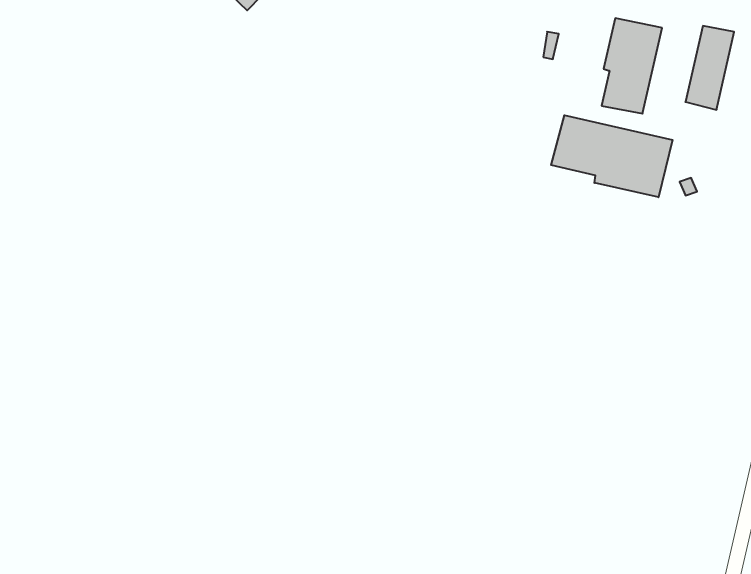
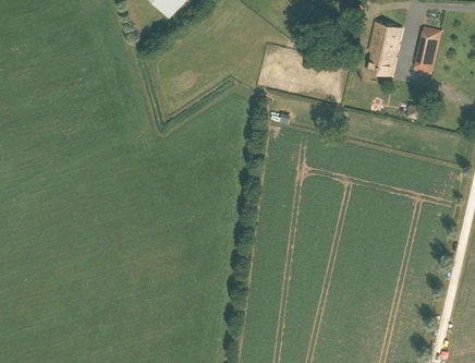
building: [551,115,673,197] -> none

